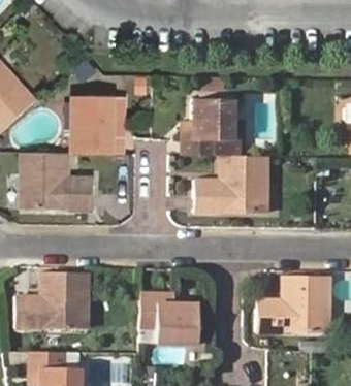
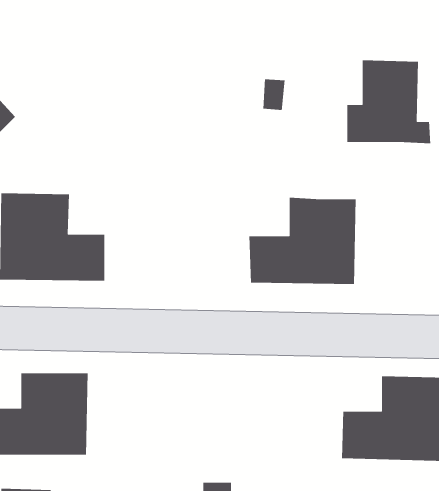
building: [79,98,129,154] -> none
building: [183,99,240,156] -> [346,60,431,144]
building: [139,294,195,344] -> none

